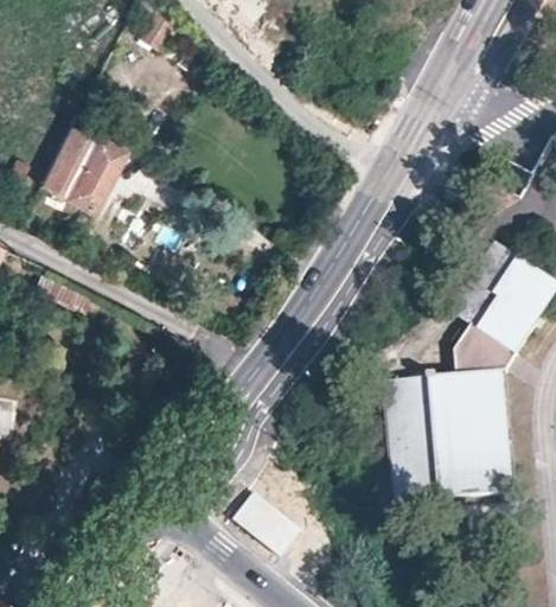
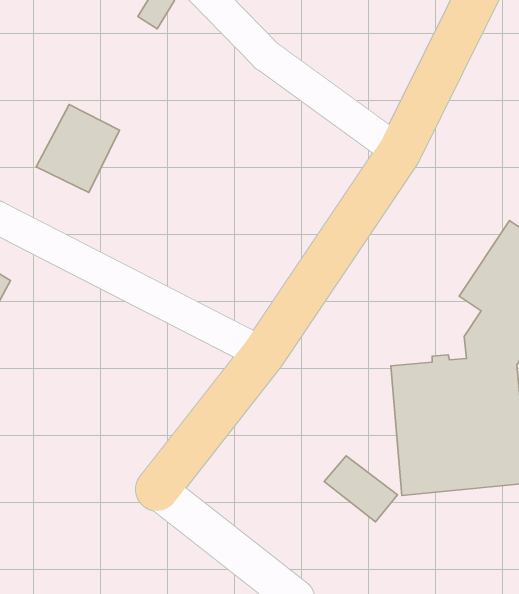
building: [231,492,302,556] -> [324,456,397,522]

